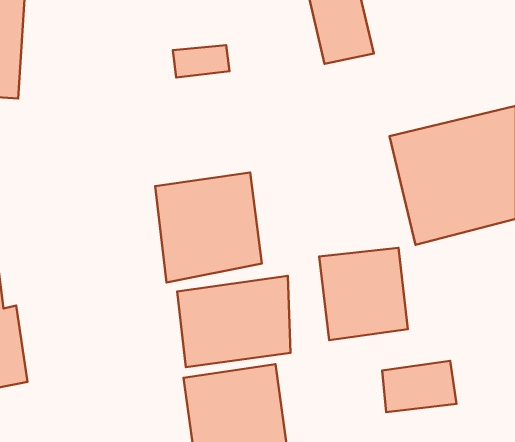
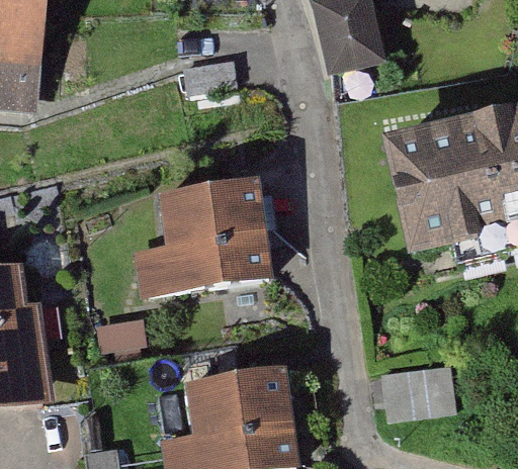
building: [319,248,408,340] -> none
building: [177,276,291,367] -> none

